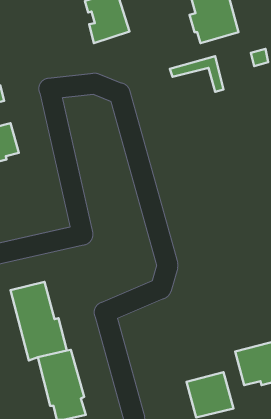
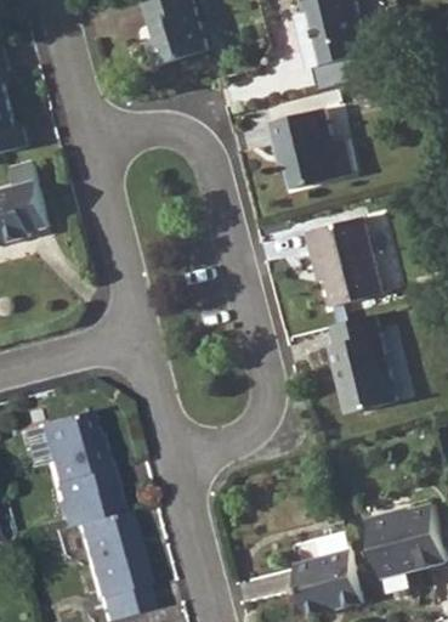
building: none -> [272,106,344,186]
building: none -> [307,216,385,304]
building: none -> [329,312,397,409]

